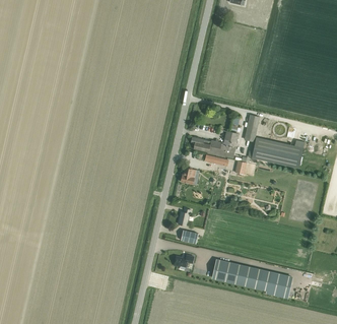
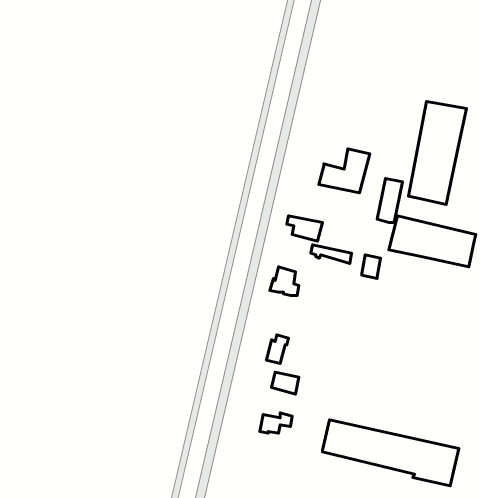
building: none -> [409,101,466,204]
building: [209,131,240,157] -> [319,149,370,193]

